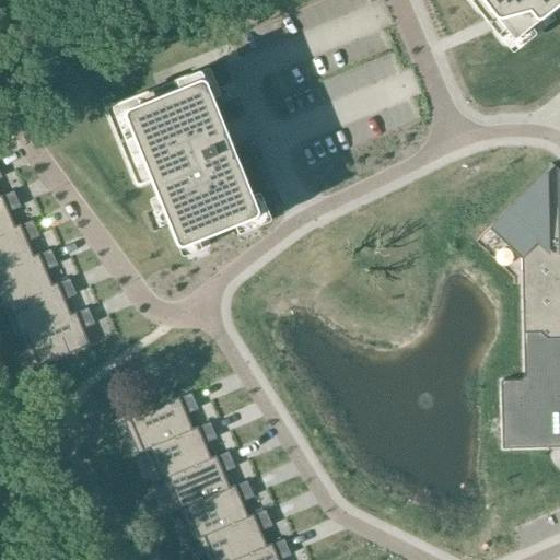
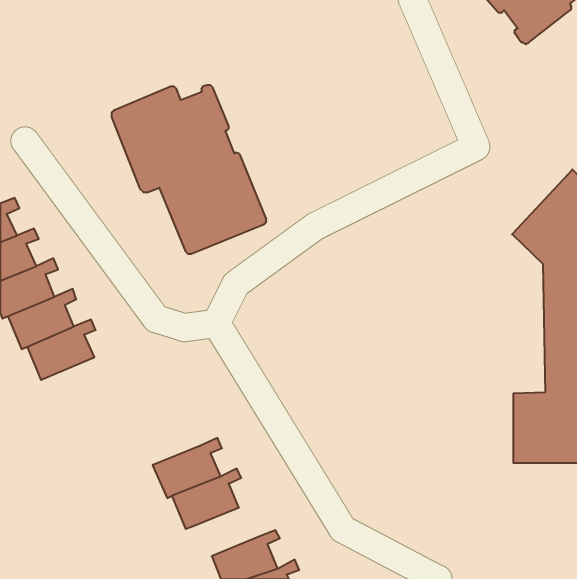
building: [132,392,199,451] -> none
building: [188,480,255,538] -> none

